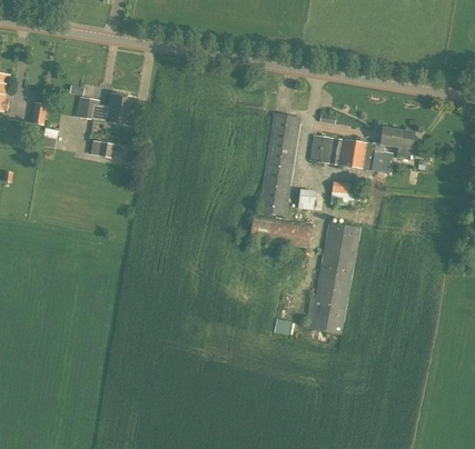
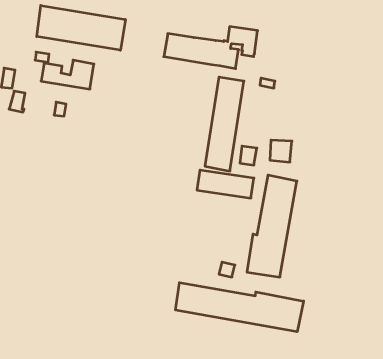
building: none -> [37,5,125,50]
building: [309,127,414,173] -> [164,27,258,69]
building: none -> [176,283,304,332]

